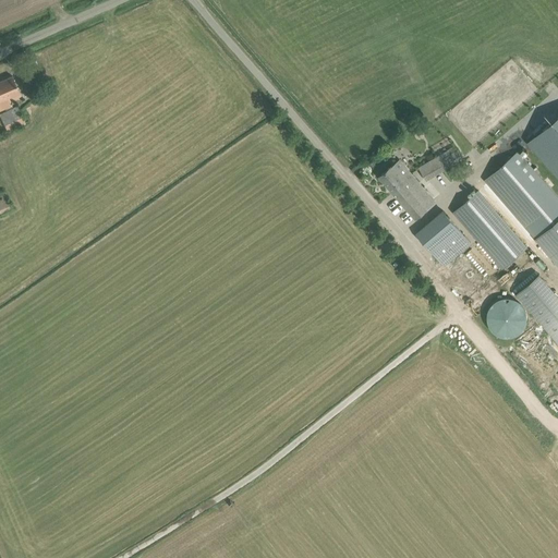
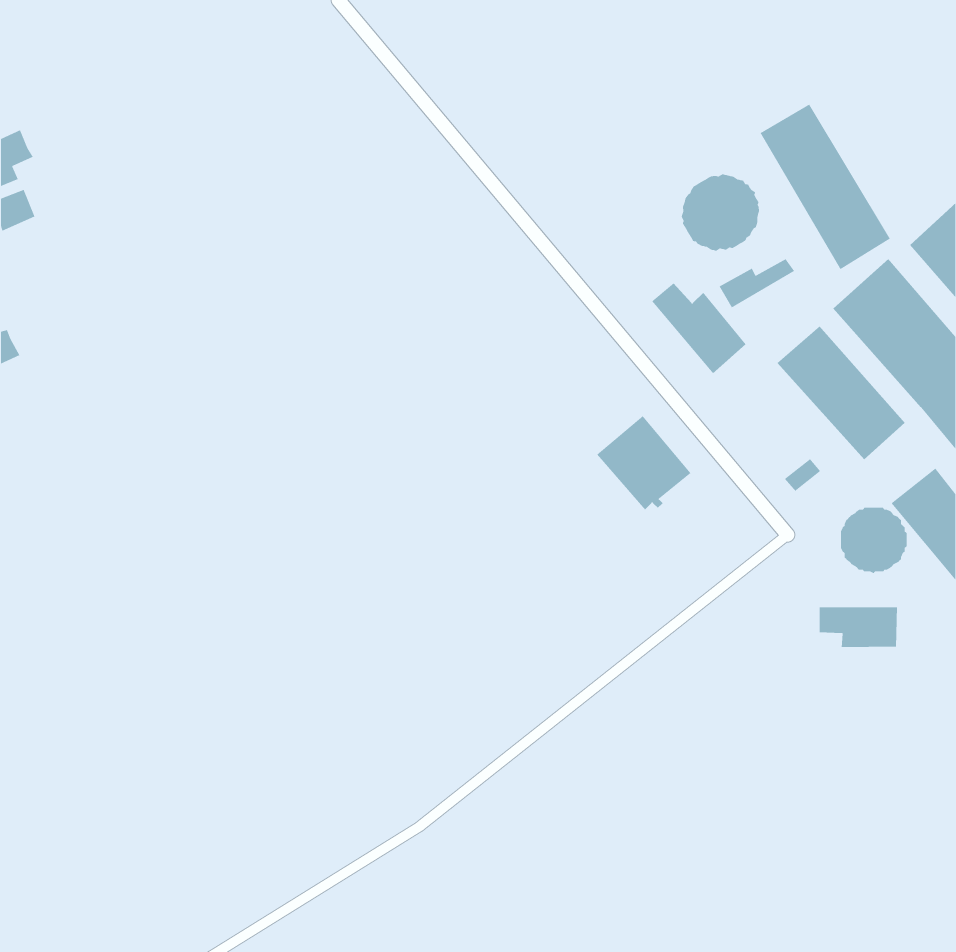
building: none -> [759,104,891,270]
building: none -> [681,174,760,251]
building: [416,211,472,267] -> [596,415,691,511]
building: none -> [819,607,898,648]

